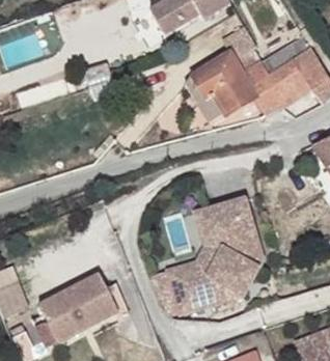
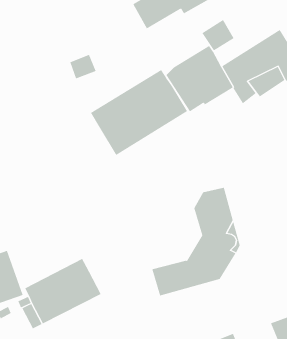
building: none -> [90,69,188,156]
building: [166,204,223,284] -> none

